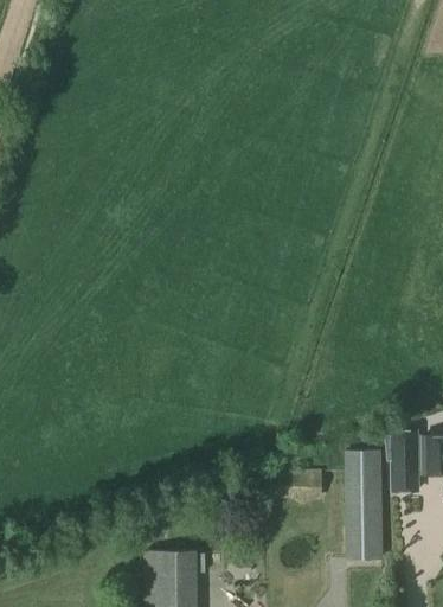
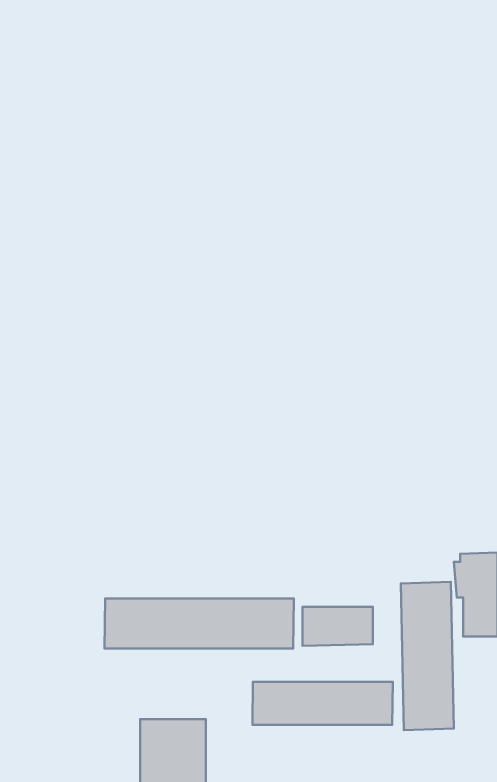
building: none -> [104,599,294,648]
building: none -> [252,682,393,725]

